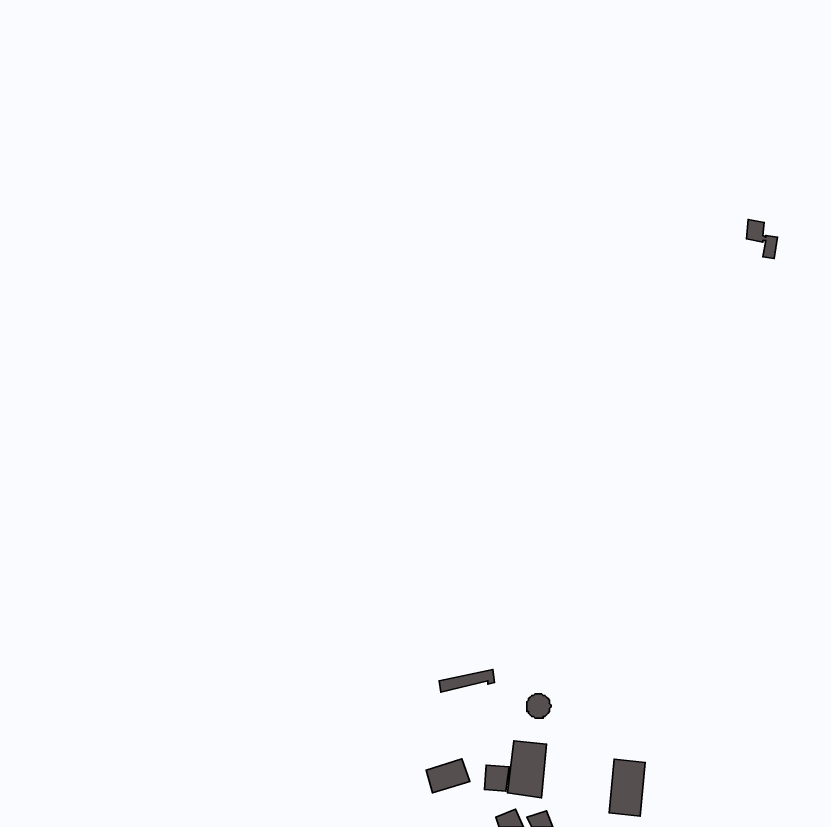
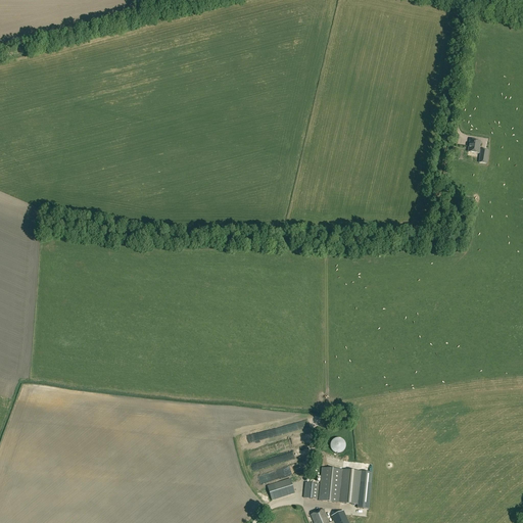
building: [609,759,645,816] -> [340,468,363,504]

